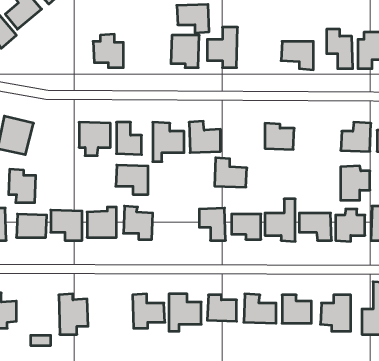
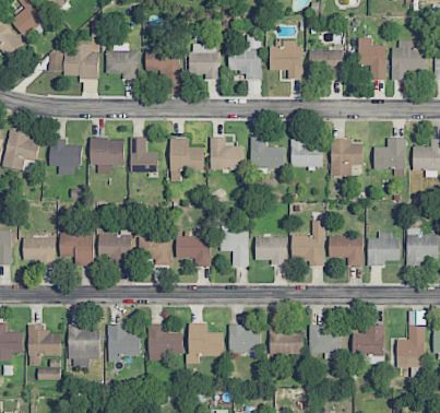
building: [177,4,209,33] -> [145,49,180,80]
building: none -> [271,40,302,79]
building: none -> [49,44,99,78]
building: [215,158,247,187] -> [250,137,285,168]
building: [116,165,148,194] -> [176,235,211,267]
building: [341,166,370,200] -> [331,139,362,176]
building: [9,169,36,203] -> [50,139,80,175]
building: none -> [28,324,61,356]
building: none -> [108,324,140,362]

